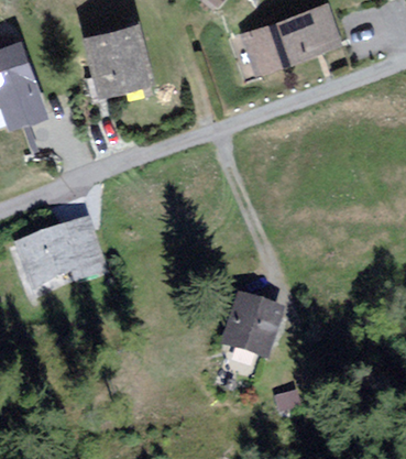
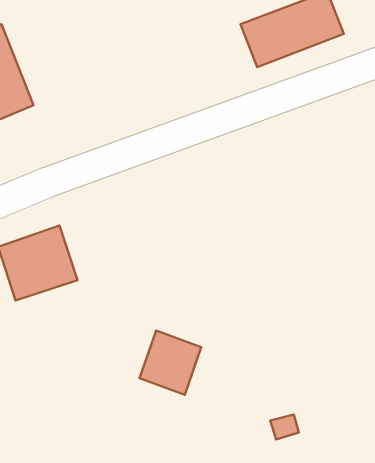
building: [83,20,146,92] -> none
building: [223,298,281,358] -> [139,330,201,395]

